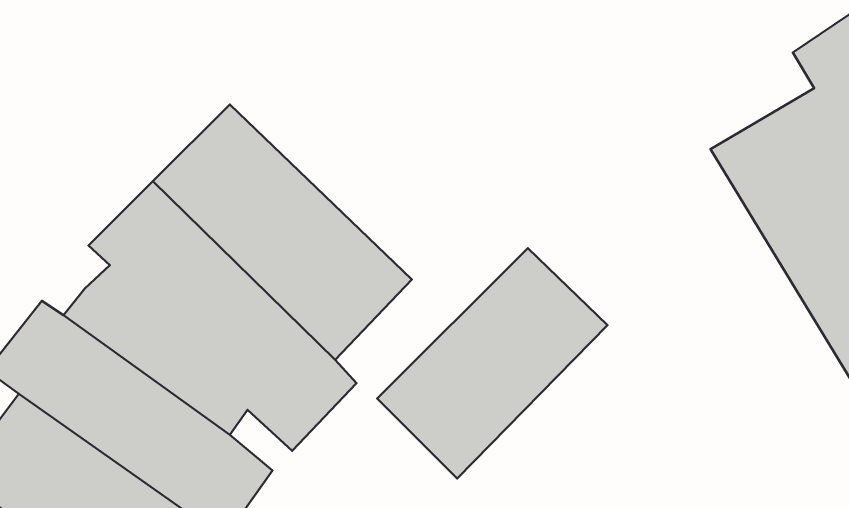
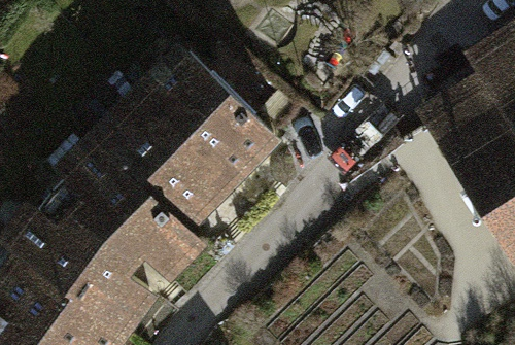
building: none -> [136,36,283,182]
building: [377,248,608,479] -> none

